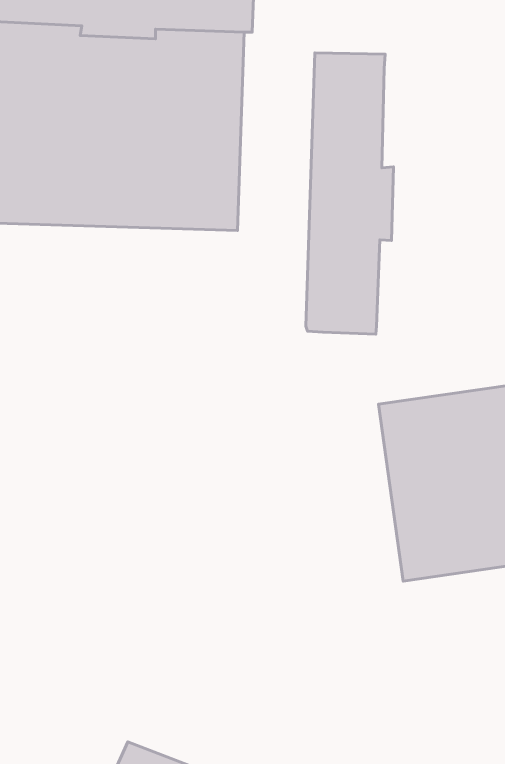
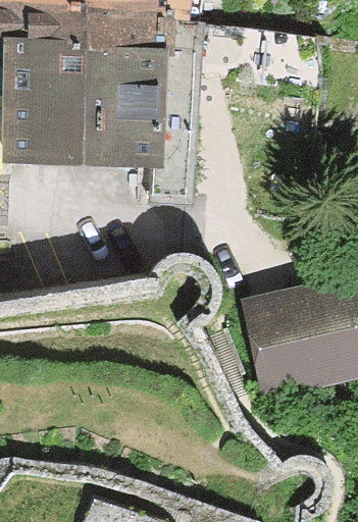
building: [306,53,394,334] -> none

